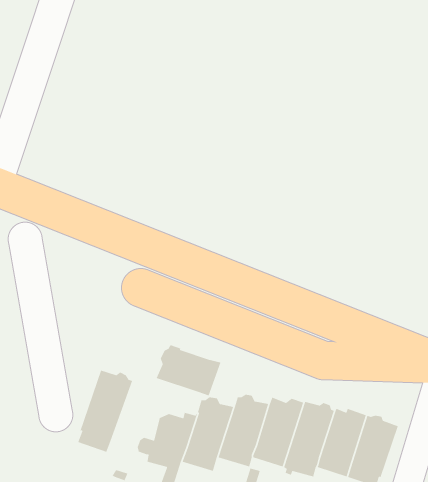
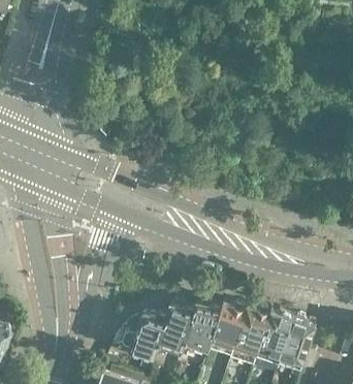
building: [155,344,221,397] -> none
building: [77,370,133,453] -> none

